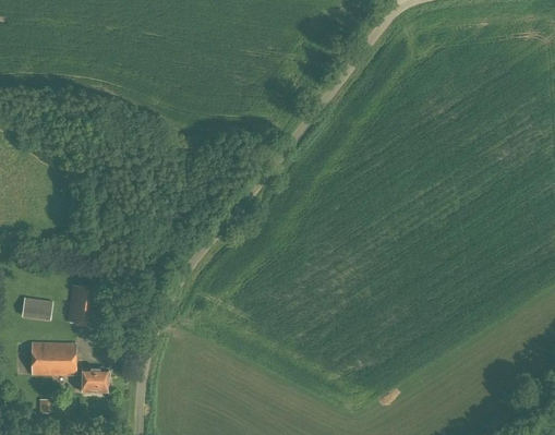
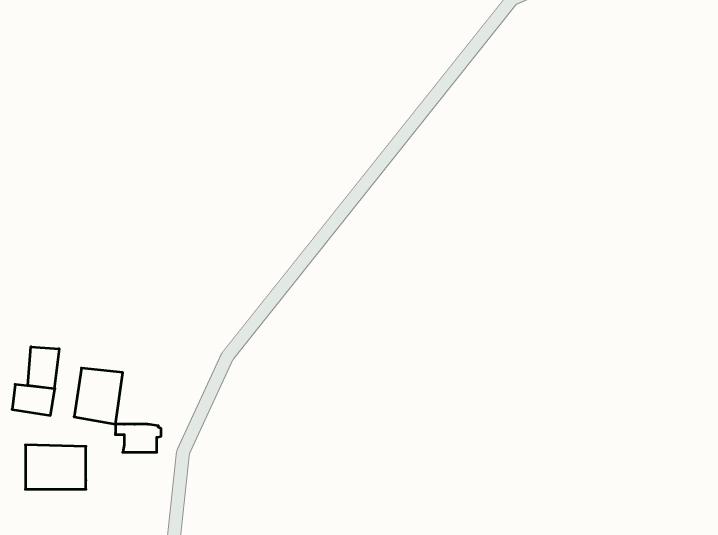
building: none -> [28,347,59,389]
building: [76,368,110,389] -> [115,424,161,452]

